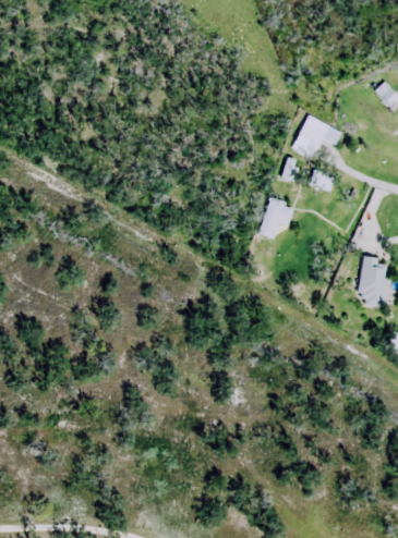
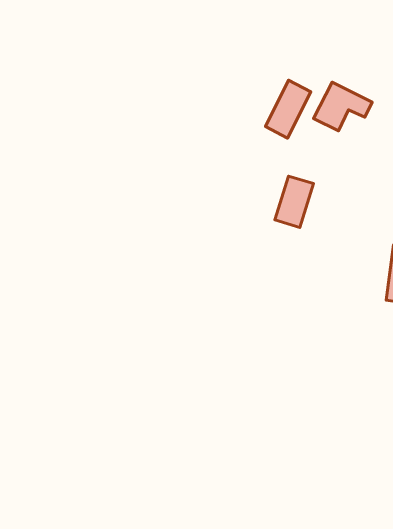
building: none -> [265,80,311,138]

